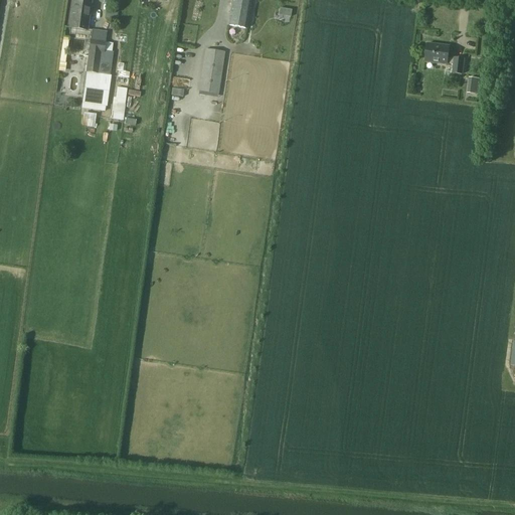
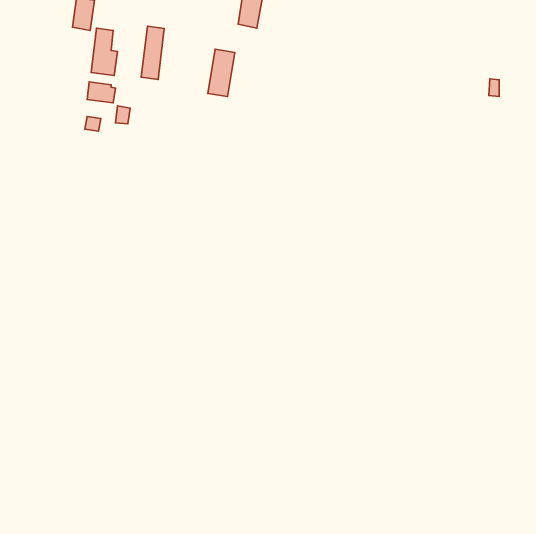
building: none -> [141,26,164,79]
building: [425,41,465,72] -> none

